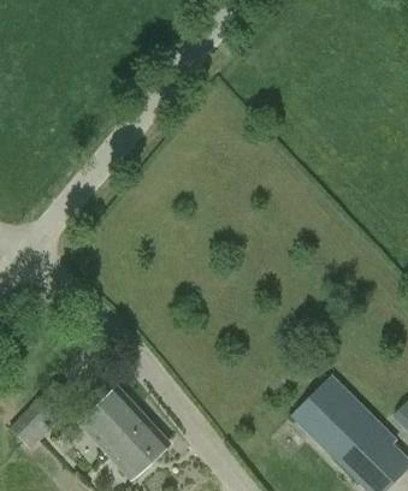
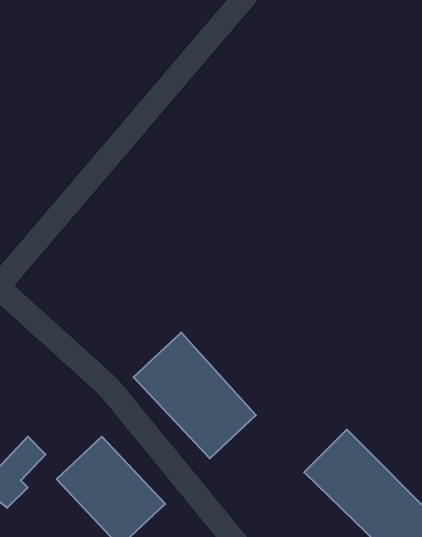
building: none -> [133,332,256,459]

